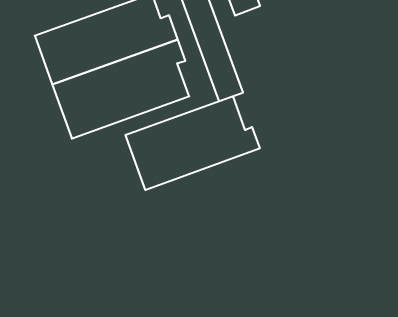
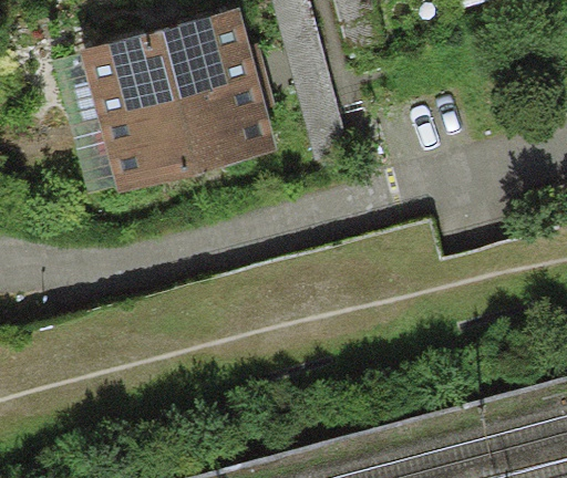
building: [126,96,260,190] -> none

